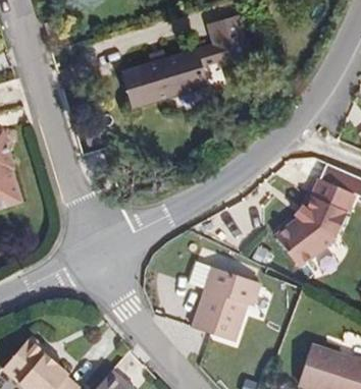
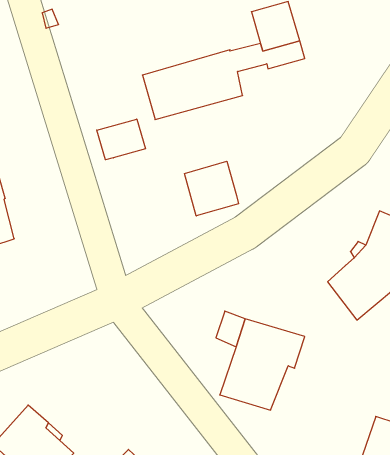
building: none -> [97,119,145,160]
building: none -> [185,161,238,216]

